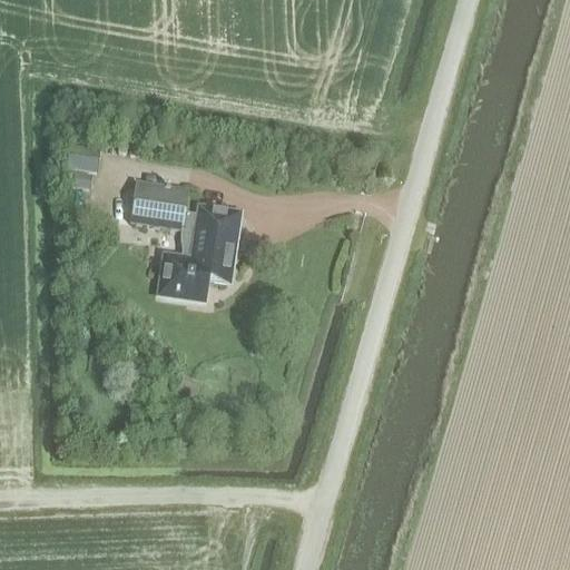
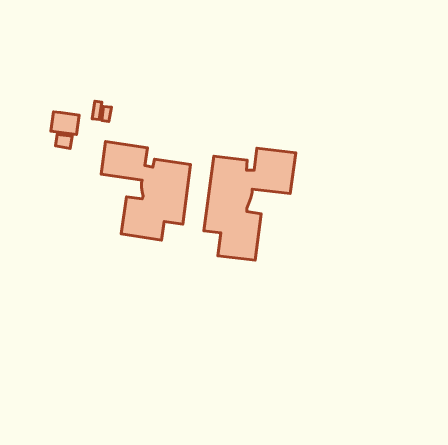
building: none -> [204,148,296,260]

